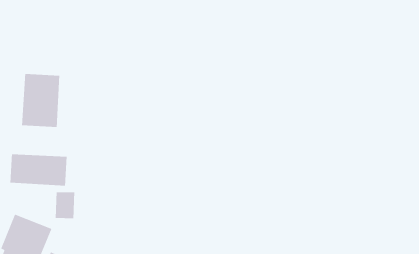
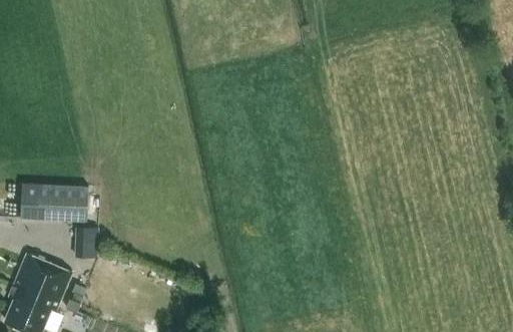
building: [21,73,60,128] -> none

